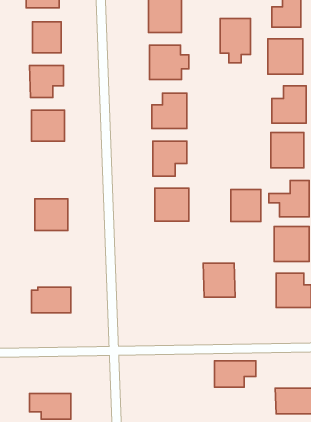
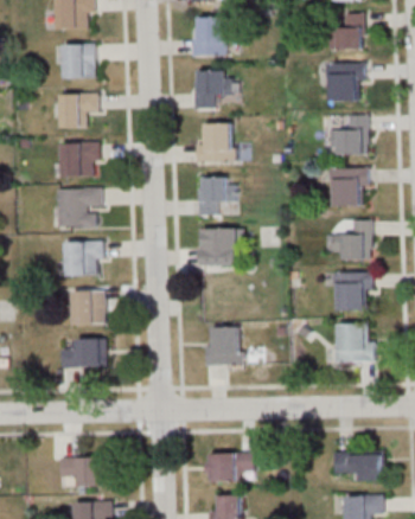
building: [220,19,250,63] -> none
building: none -> [56,188,101,226]
building: [231,189,261,222] -> none
building: none -> [72,290,104,325]
building: [203,263,235,297] -> [206,327,242,365]
building: [214,361,256,387] -> [207,453,254,482]

